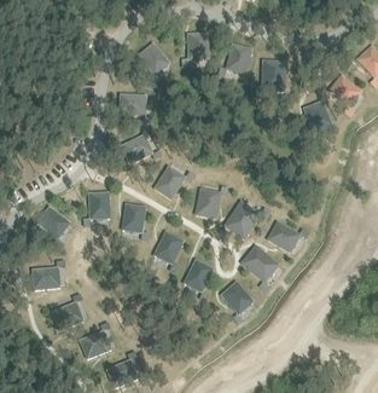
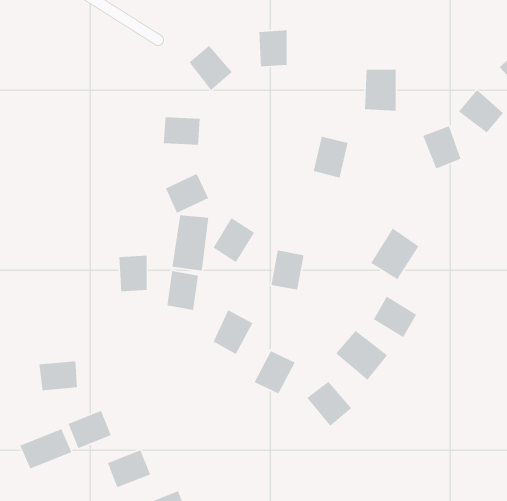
building: [225,44,250,74] -> [313,136,349,178]
building: none -> [172,214,209,271]
building: [223,201,258,238] -> [370,227,420,280]
building: [35,208,68,239] -> none
building: none -> [19,428,72,469]

